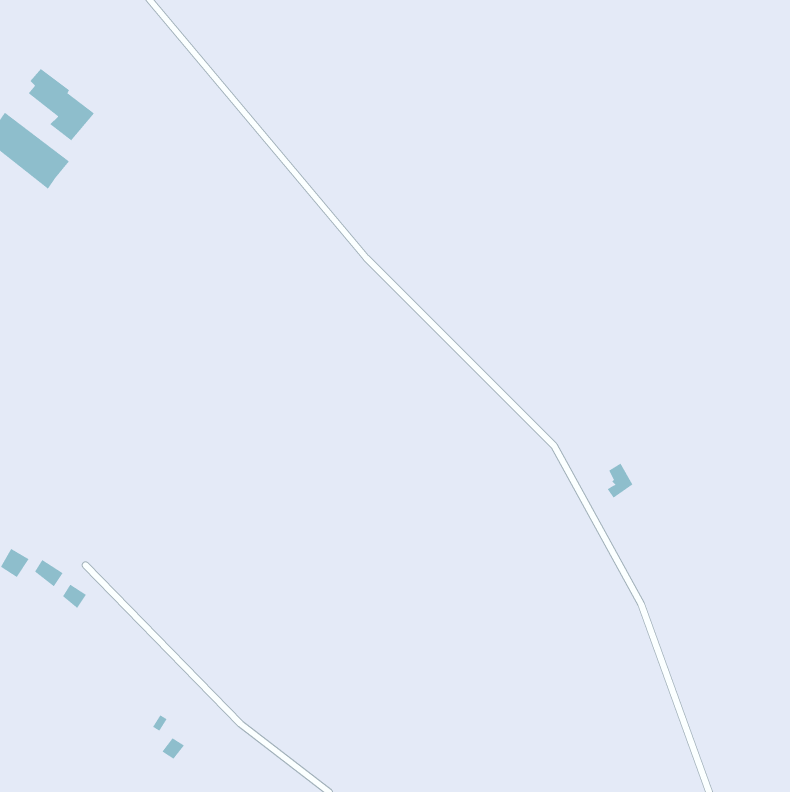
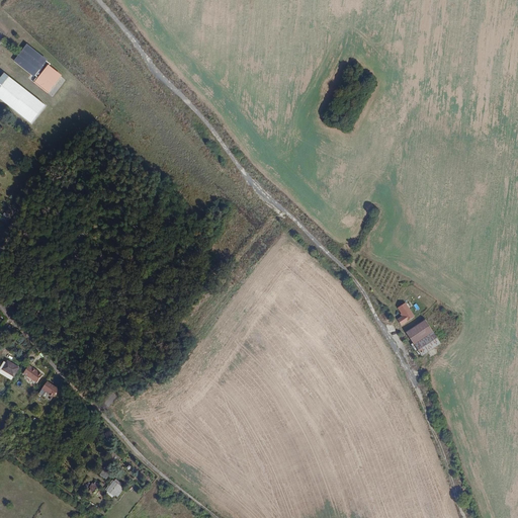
building: none -> [405,319,440,355]

